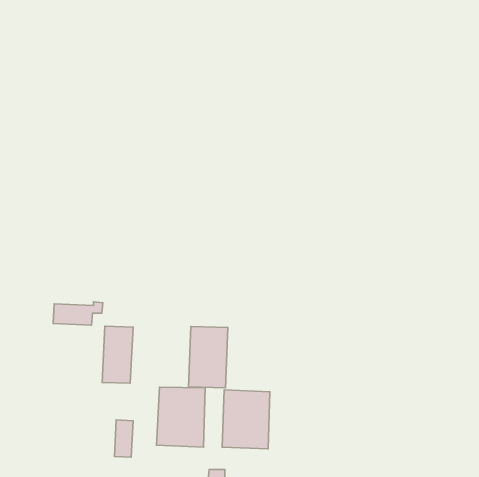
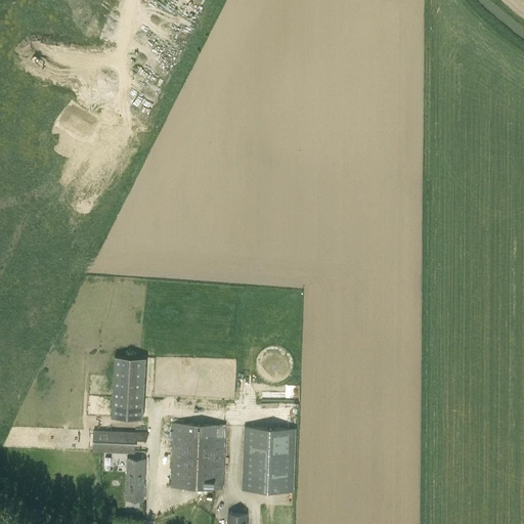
building: [53,302,103,325] -> [93,430,147,455]
building: [189,326,228,388] -> none

